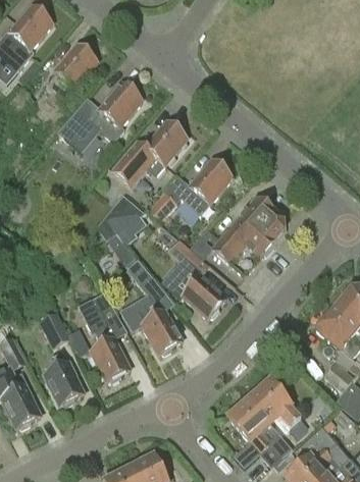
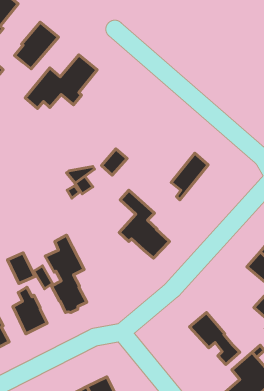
building: [110,119,187,188] -> none
building: [174,158,232,214] -> none
building: [212,209,284,274] -> none
building: [125,259,182,353] -> none
building: [227,396,282,467] -> none

